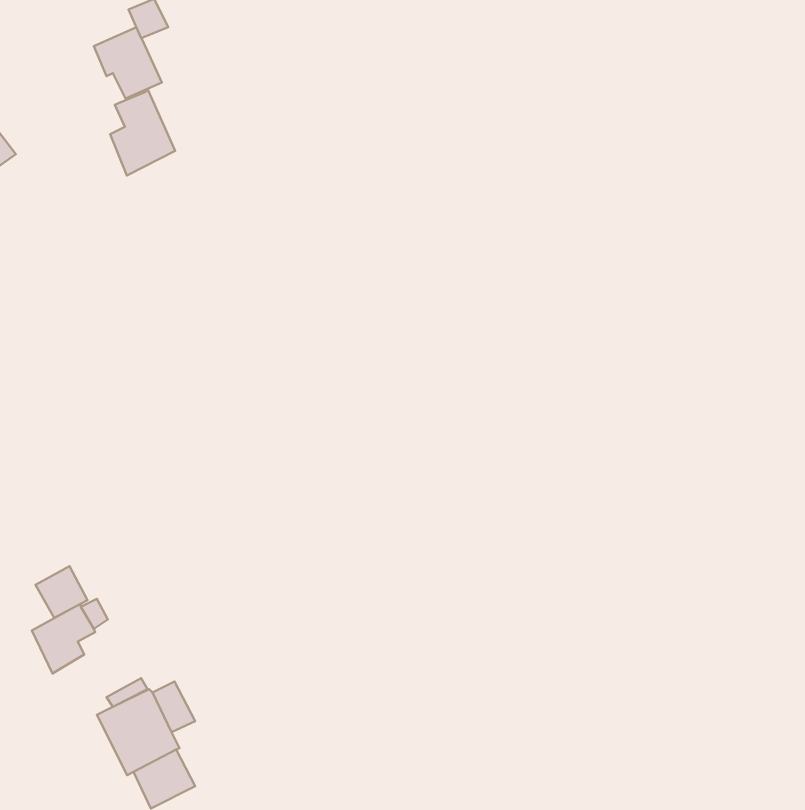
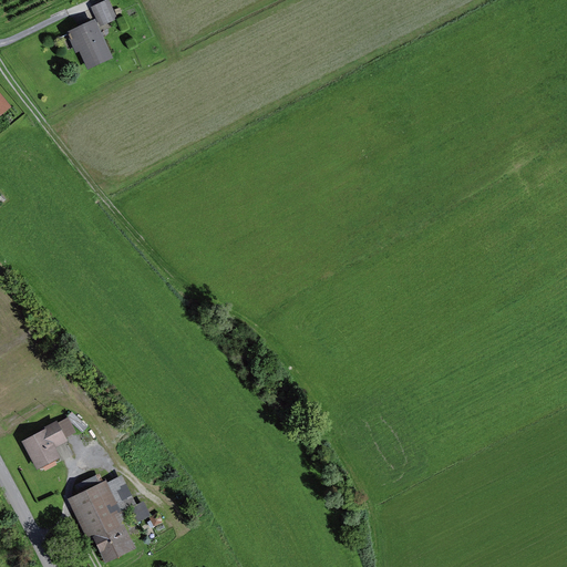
building: [110,89,175,175] -> none
building: [35,566,88,618] -> none

